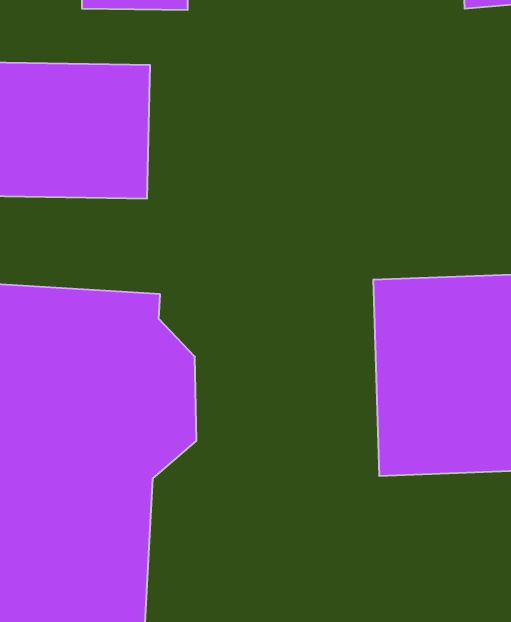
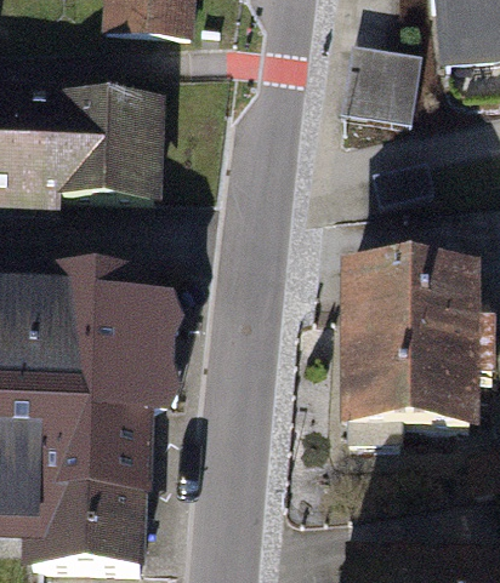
building: none -> [341,47,416,122]

